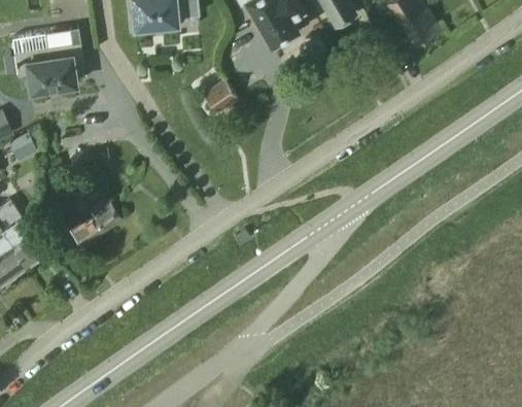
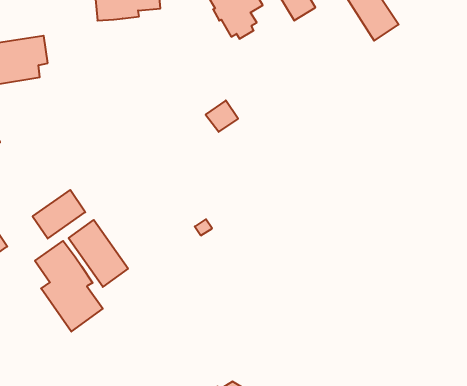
building: [203,79,236,111] -> [206,100,238,132]
building: none -> [69,220,128,287]
building: none -> [35,241,103,332]

